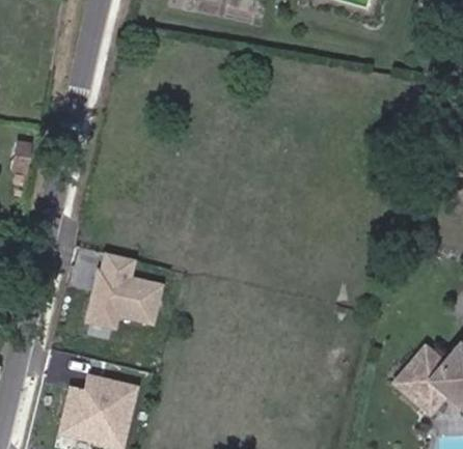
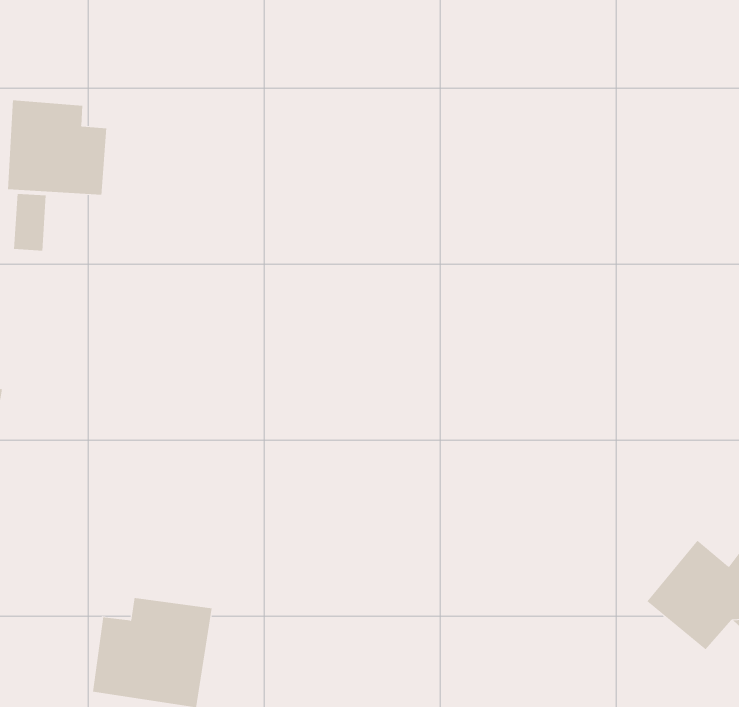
building: none -> [8,100,107,196]
building: [78,250,161,327] -> none

